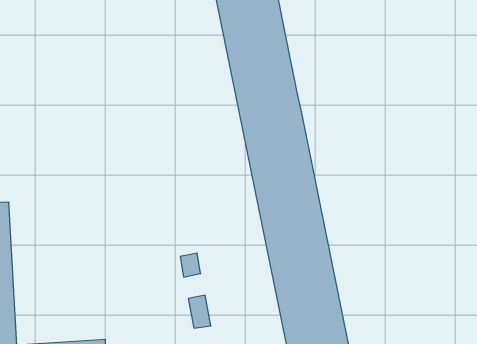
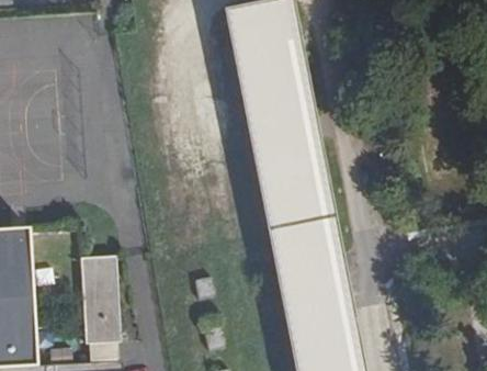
building: none -> [81,257,121,345]

